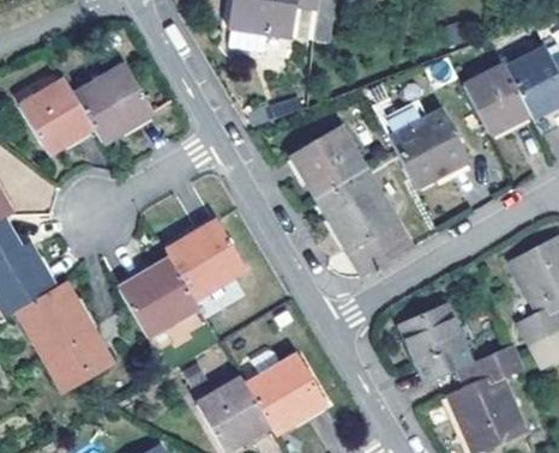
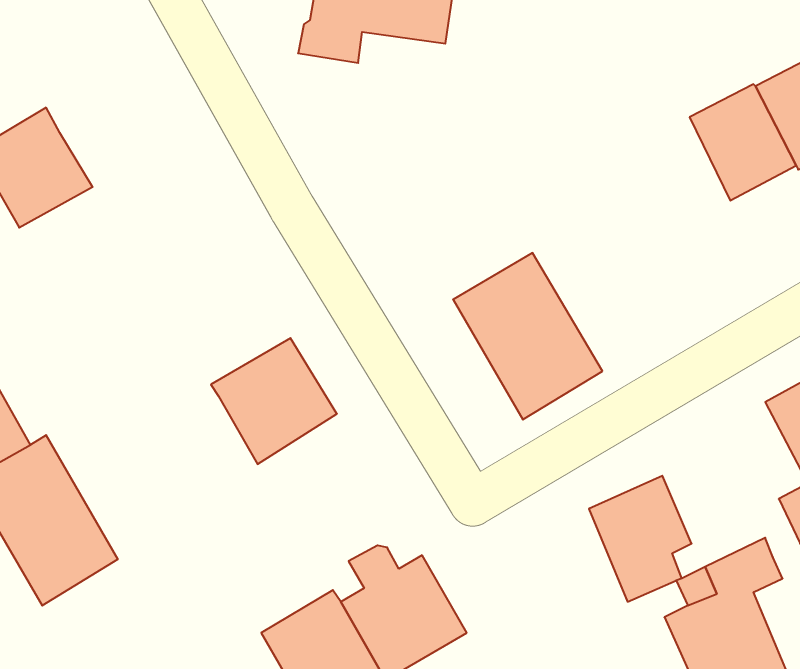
building: [73,65,154,143] -> none
building: [389,111,468,188] -> none
building: [291,126,366,198] -> none
building: [120,258,199,338] -> none

